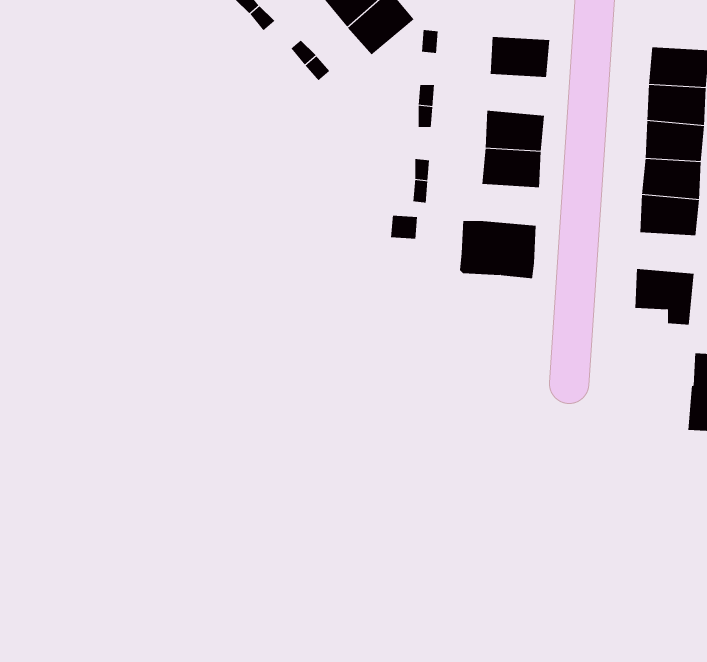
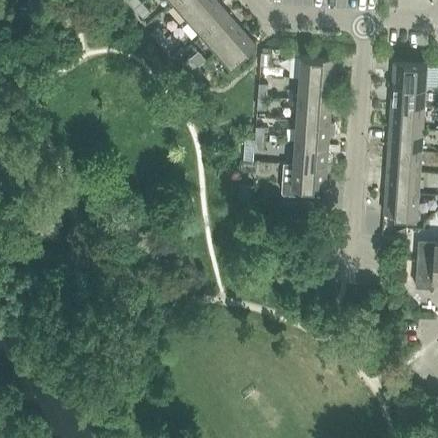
building: none -> [297,78,332,102]
building: none -> [293,142,328,166]
building: none -> [384,170,419,194]

